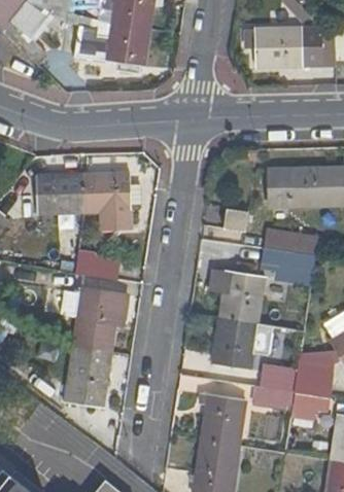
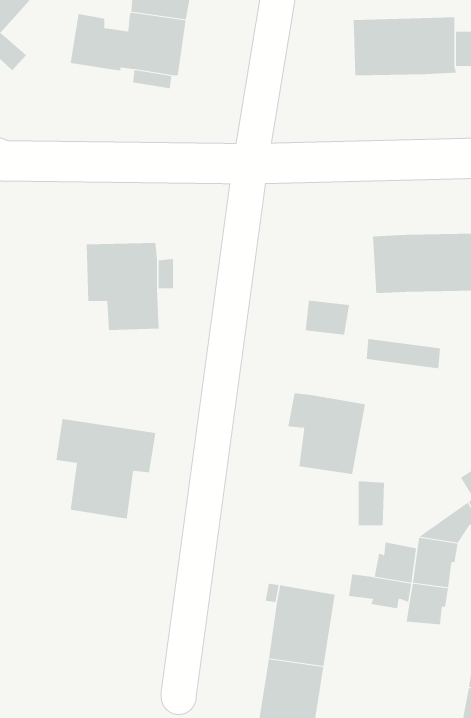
building: [37,173,85,211] -> none
building: [250,245,315,279] -> none
building: [76,249,119,278] -> none
building: [213,316,256,367] -> none
building: [66,344,111,407] -> none

